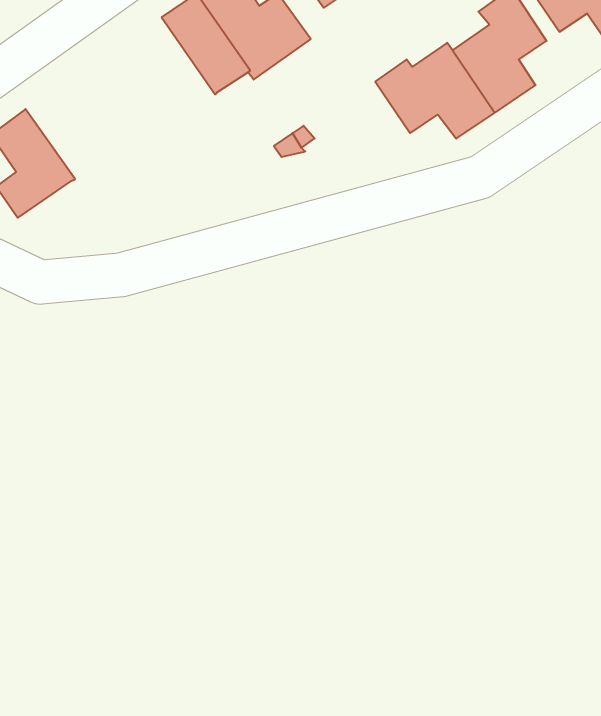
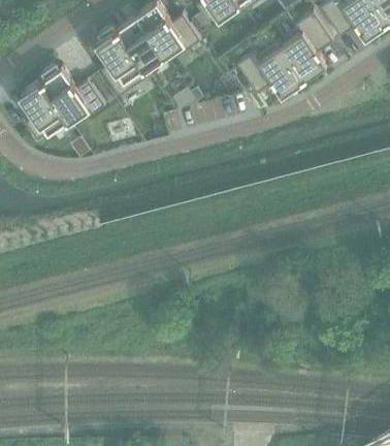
building: none -> [93,26,147,98]
building: none -> [37,65,101,120]

